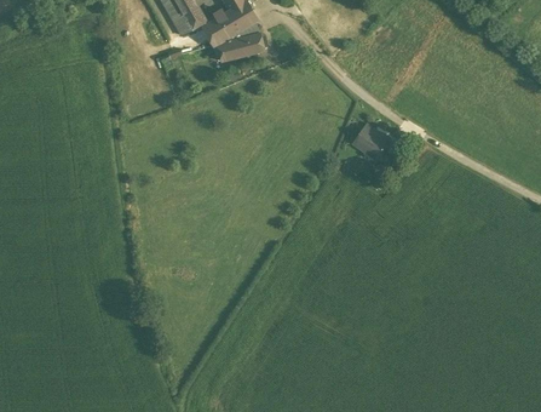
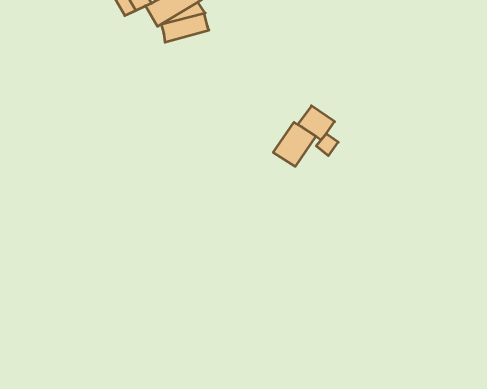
building: none -> [273,122,316,166]

